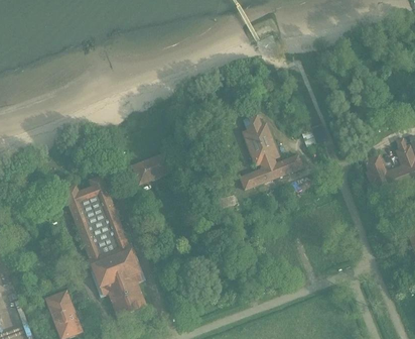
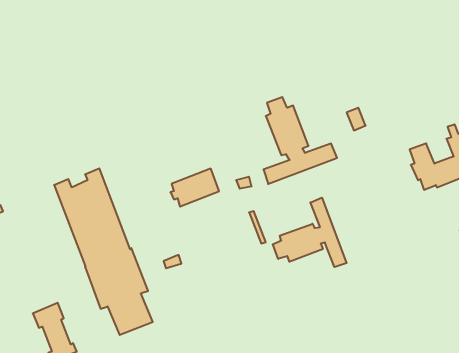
building: [131,152,172,185] -> [170,169,219,207]
building: none -> [273,198,347,267]

